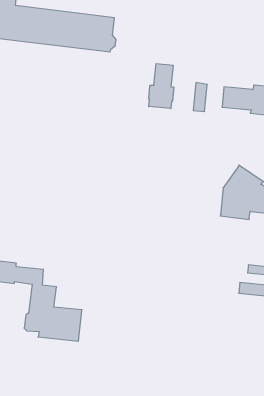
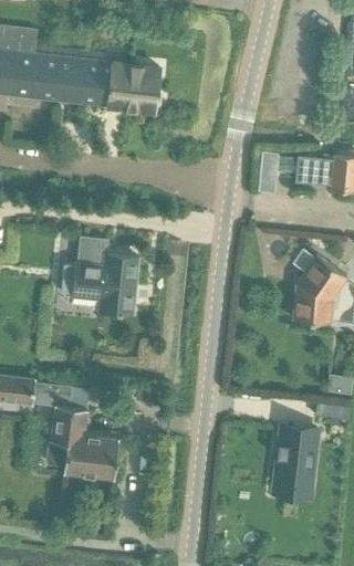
building: [149,64,174,109] -> none
building: none -> [61,238,138,315]
building: none -> [274,426,319,489]

